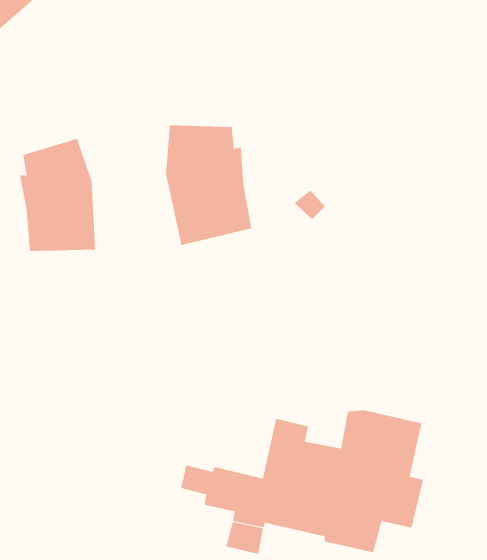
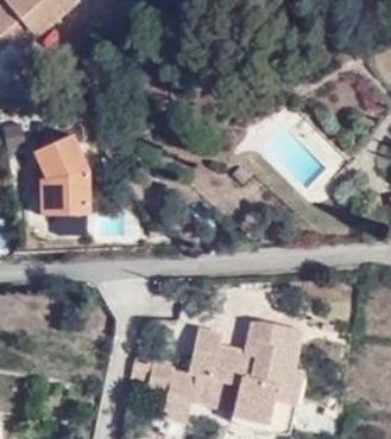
building: [166,124,252,246] -> none

